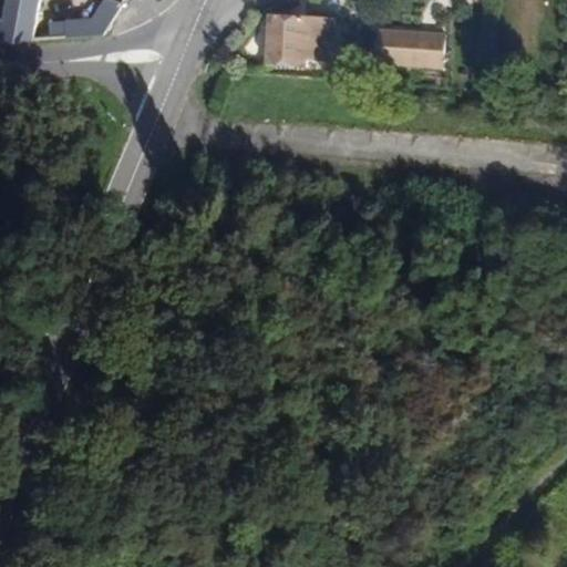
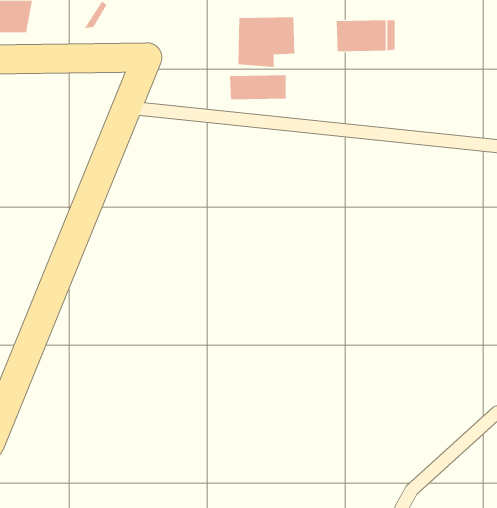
building: none -> [229,74,286,100]

